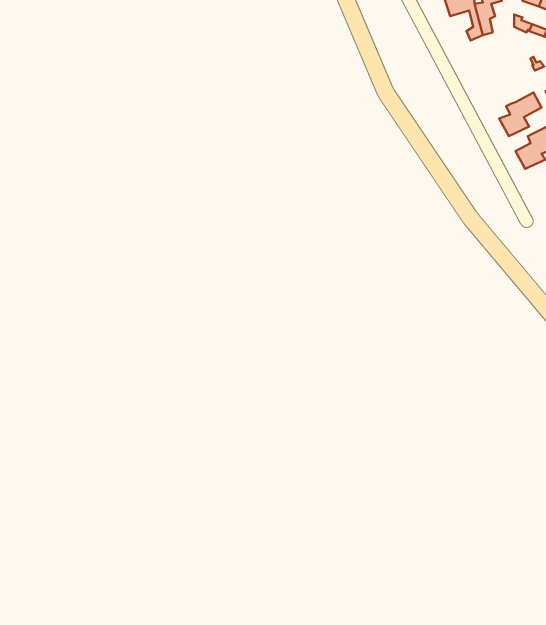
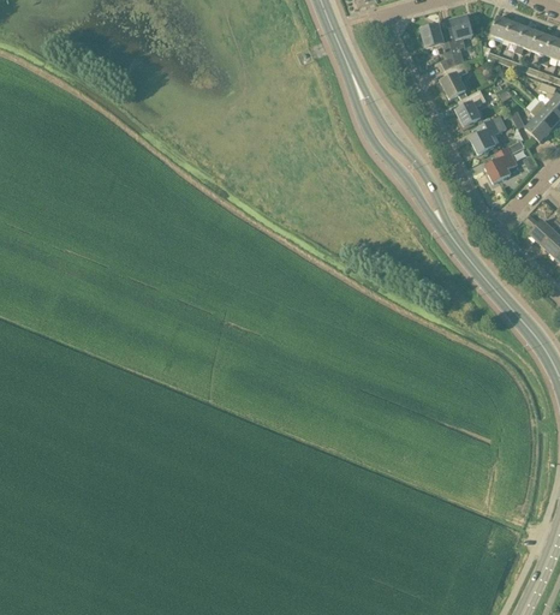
building: none -> [441,61,469,97]
building: none -> [455,88,485,125]

